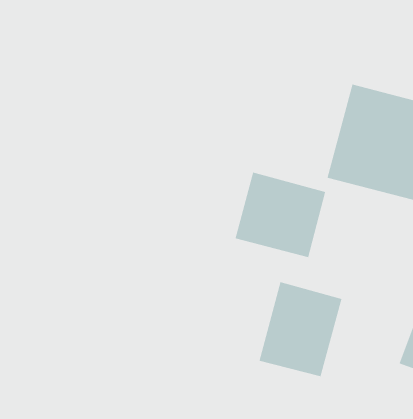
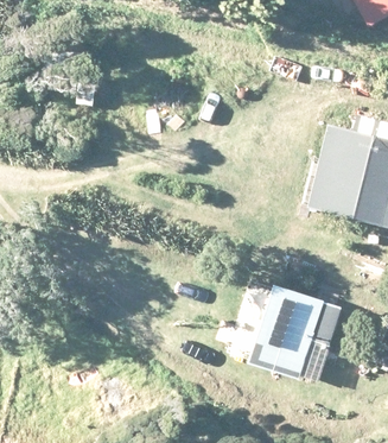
building: [235,171,326,258] -> none

